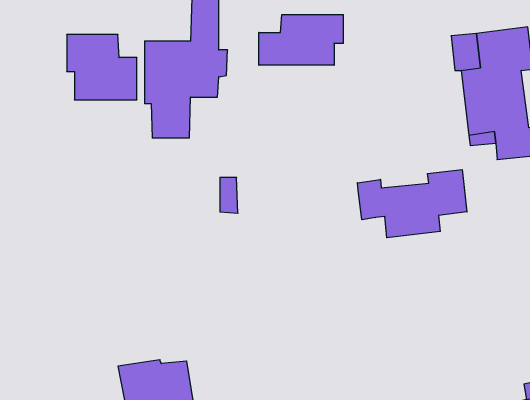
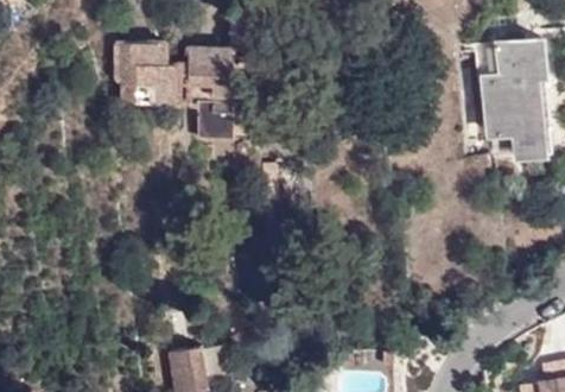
building: [259,15,343,65] -> none
building: [357,170,467,238] -> none

